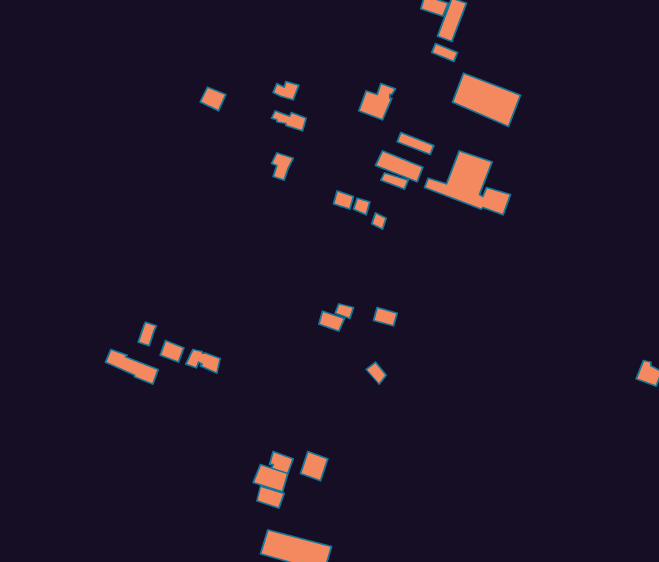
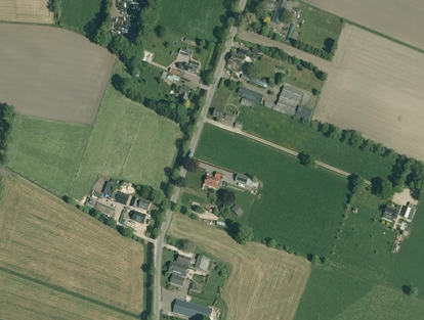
building: [453,73,521,126] -> none

